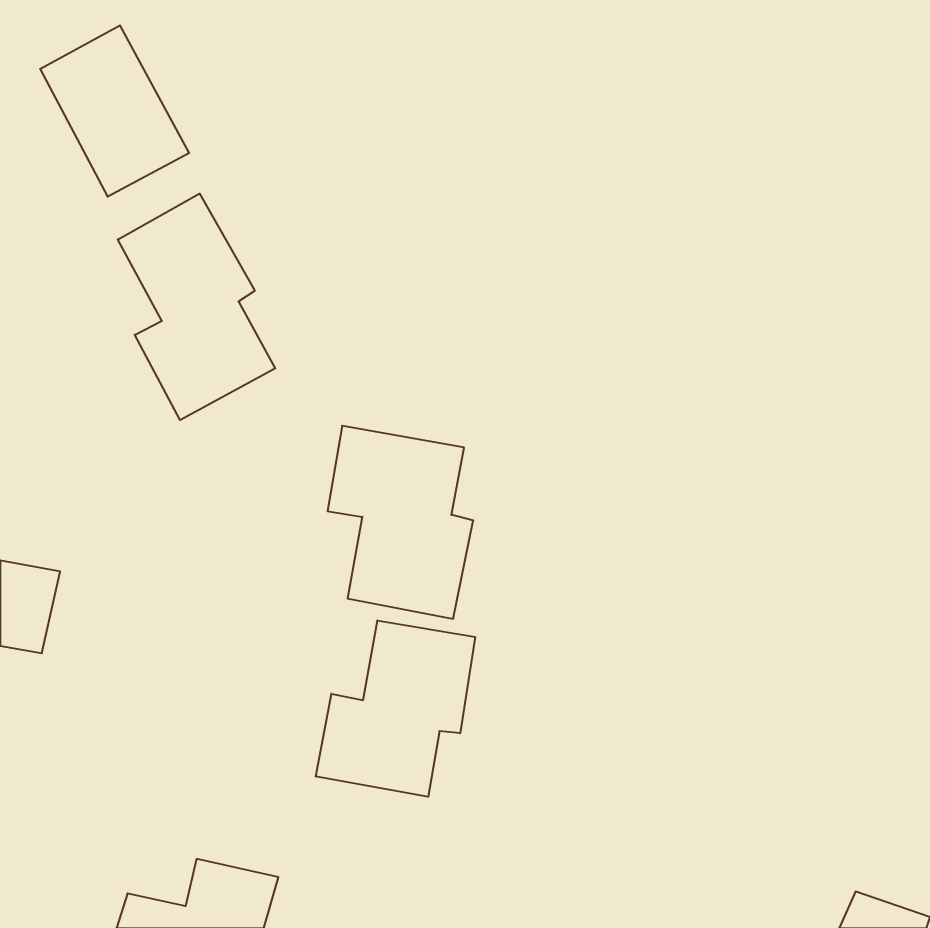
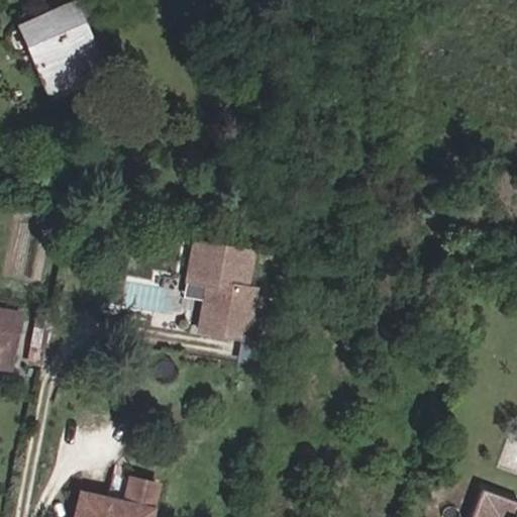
building: [118,194,275,420] -> none
building: [316,620,475,797] -> none

